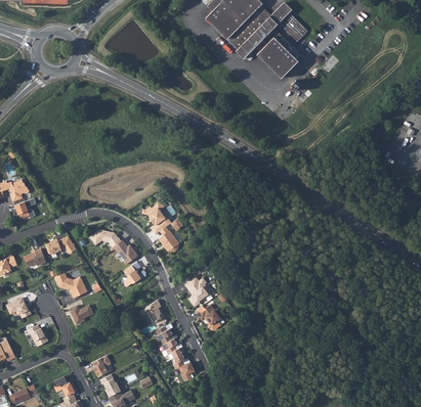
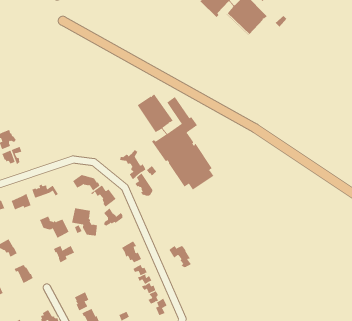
building: none -> [137,94,214,190]
building: none -> [72,207,97,236]
building: [183,277,208,307] -> none

